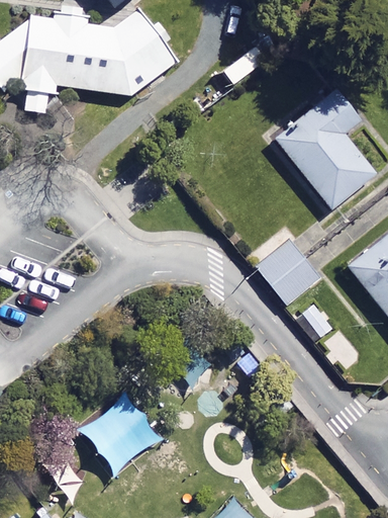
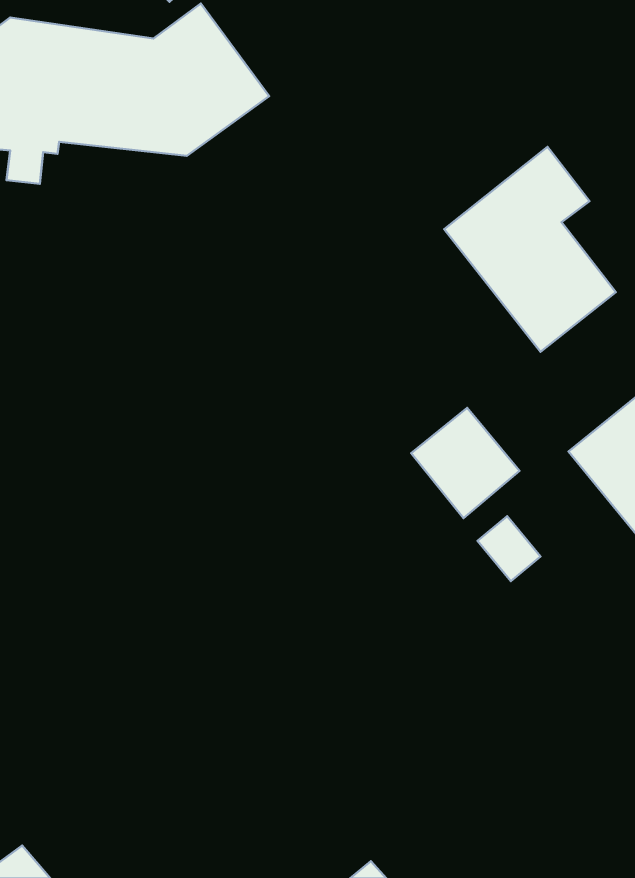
building: [84,393,162,470] -> none

